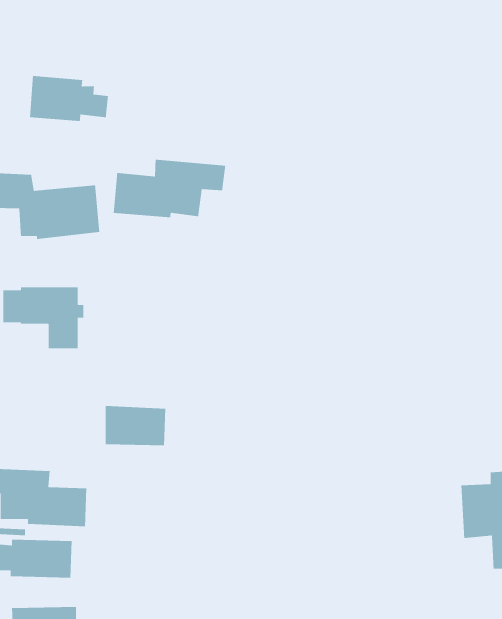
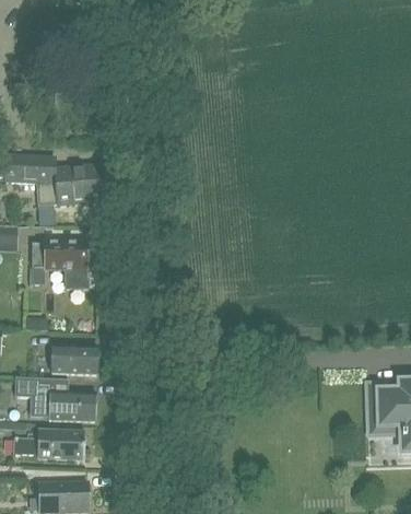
building: [29,75,109,122] -> none
building: [113,159,226,218] -> none
building: [105,405,166,446] -> [51,343,97,374]

